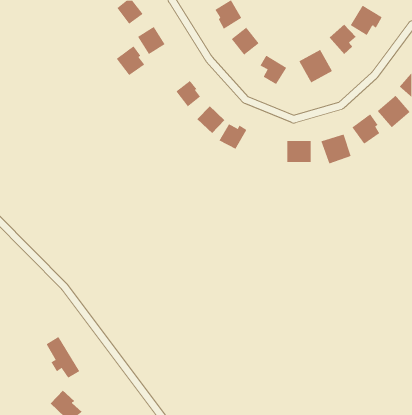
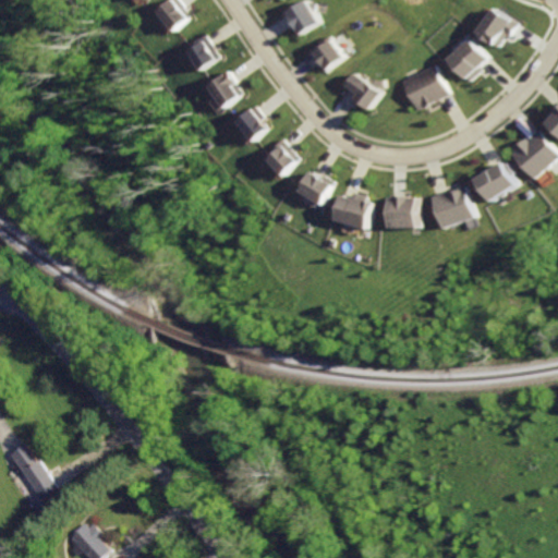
building: [116,46,145,76] -> [204,74,243,114]
building: none -> [327,190,369,226]
building: [46,336,80,379] -> [11,446,57,502]

